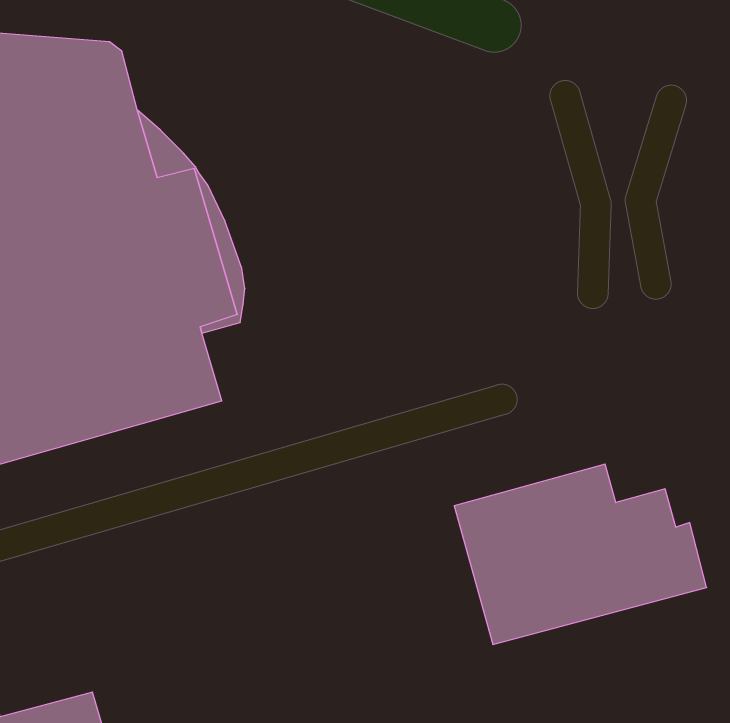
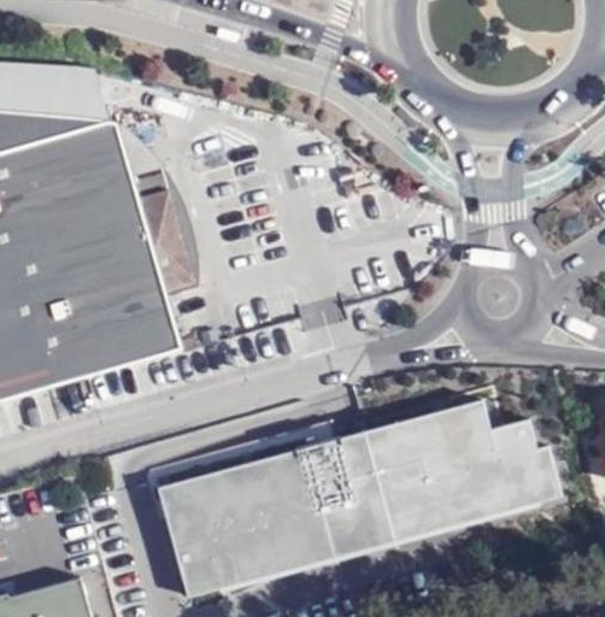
building: none -> [153,433,389,598]

